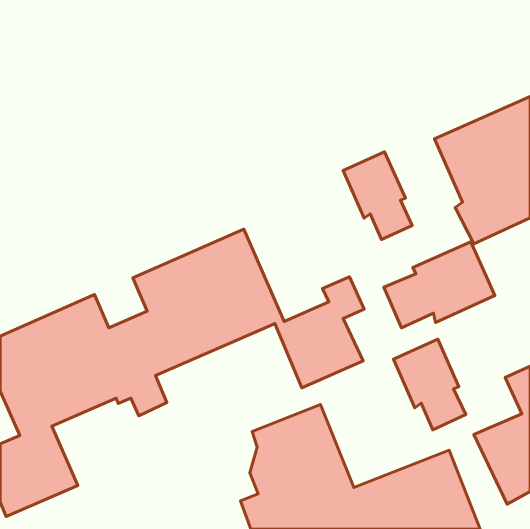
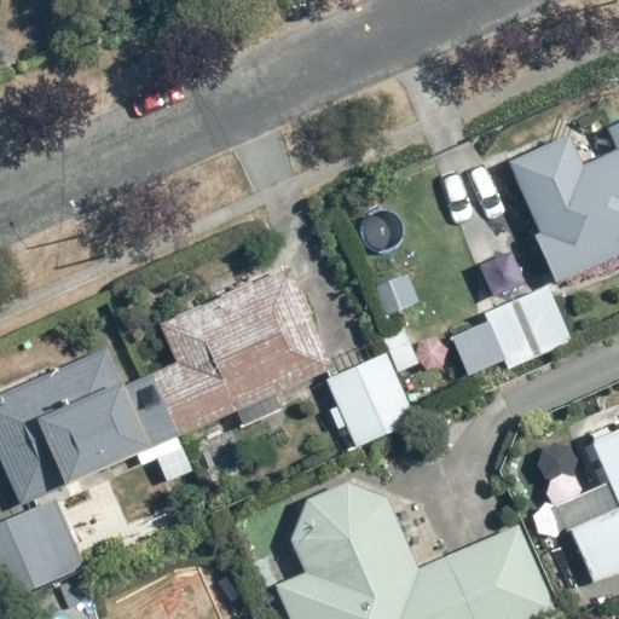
building: [343,152,412,239] -> none
building: [393,339,466,430] -> none

